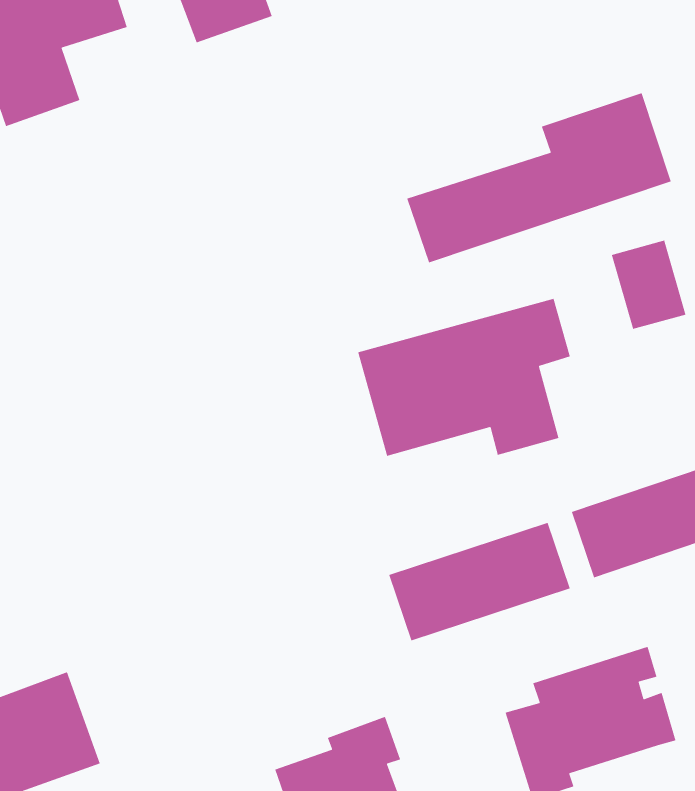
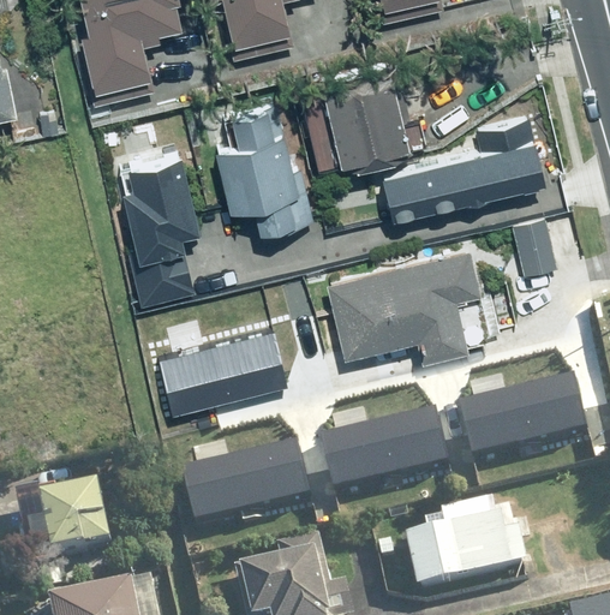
building: none -> [322,88,411,167]
building: none -> [220,111,325,241]
building: none -> [124,151,196,295]
building: none -> [169,328,299,405]
building: none -> [196,443,325,520]

